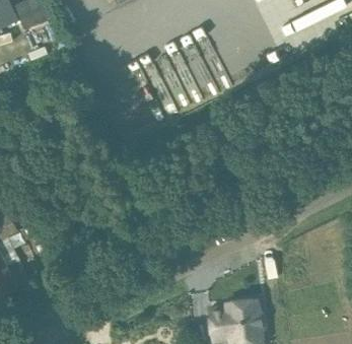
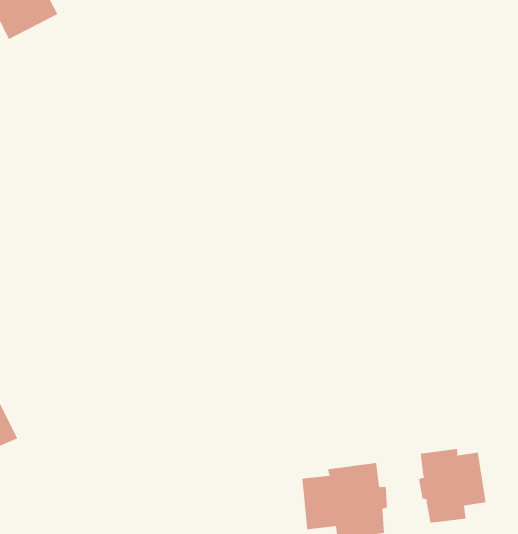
building: none -> [419,448,486,524]

